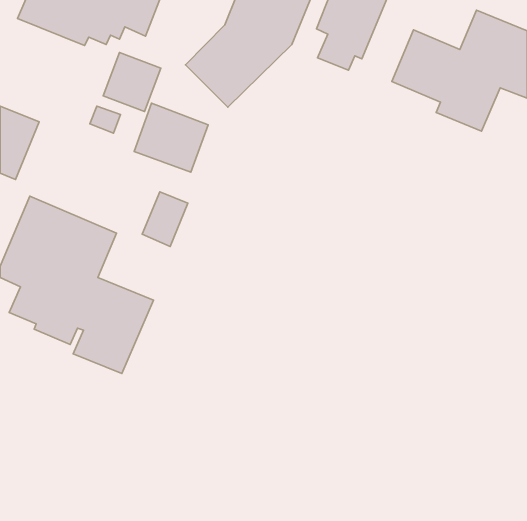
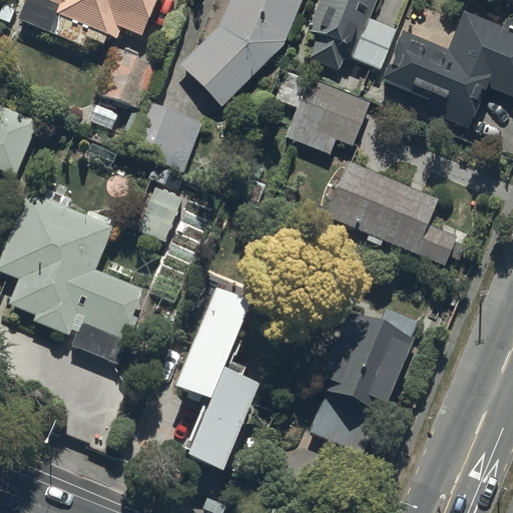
building: none -> [286,76,370,152]
building: none -> [325,161,457,266]
building: none -> [174,293,259,476]
building: none -> [310,303,422,448]

